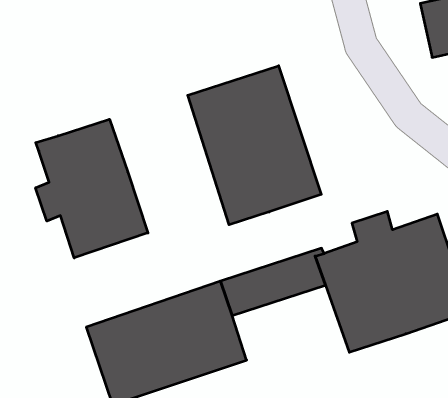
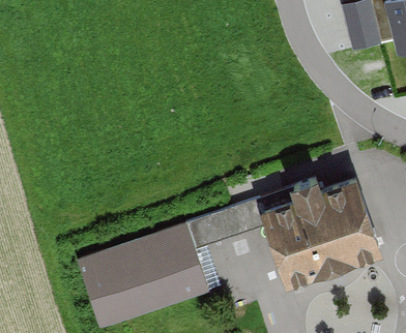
building: [188,66,321,225] -> none
building: [36,119,148,258] -> none

